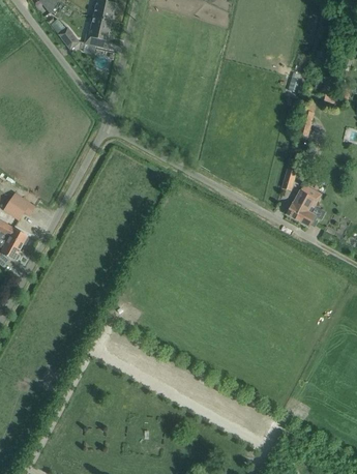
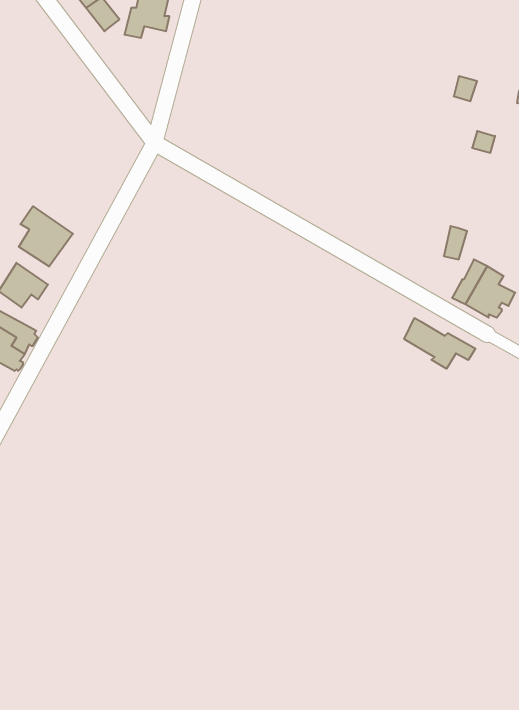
building: none -> [19,206,73,267]
building: none -> [404,318,475,369]

